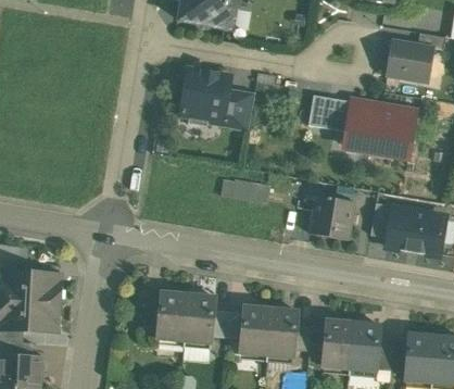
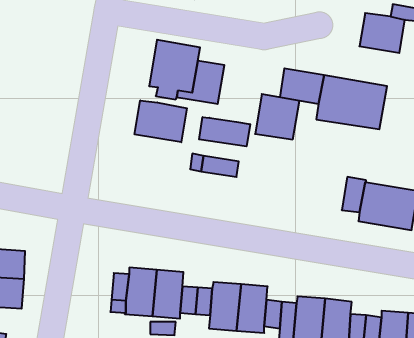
building: none -> [135,100,187,142]
building: none -> [199,117,250,146]
building: [311,195,354,239] -> [255,94,299,139]

